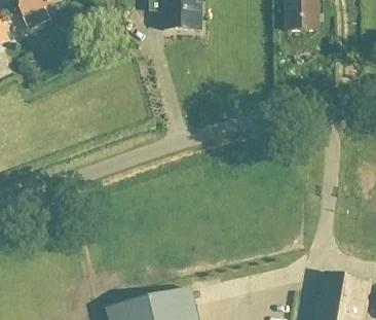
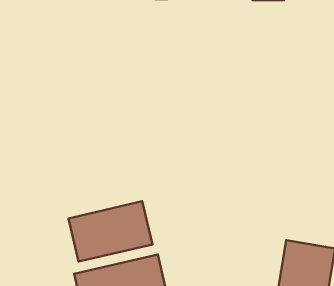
building: none -> [68,201,152,262]

